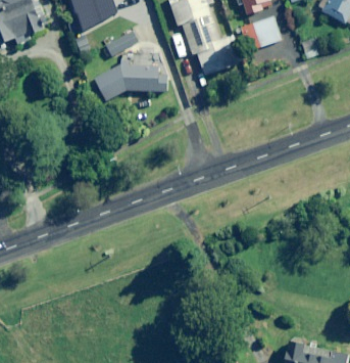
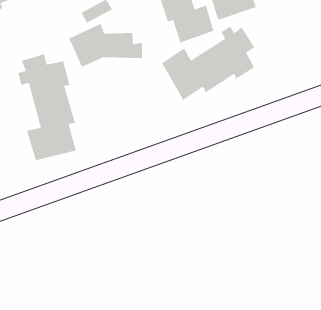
building: none -> [161,26,255,101]
building: none -> [18,53,77,161]

